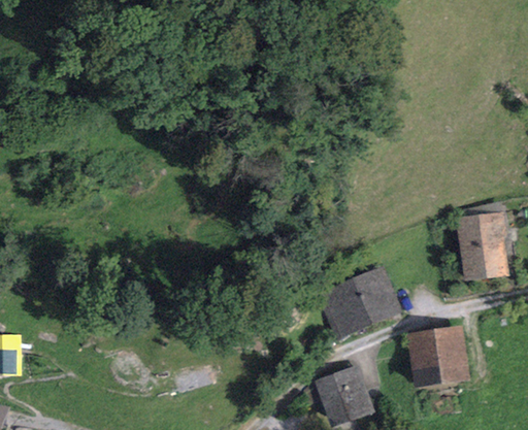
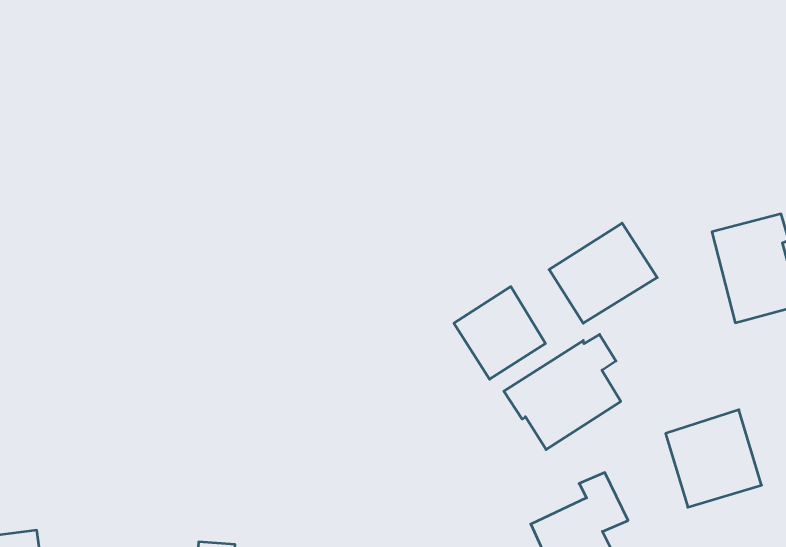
building: none -> [549,223,657,323]
building: none -> [454,287,545,379]

